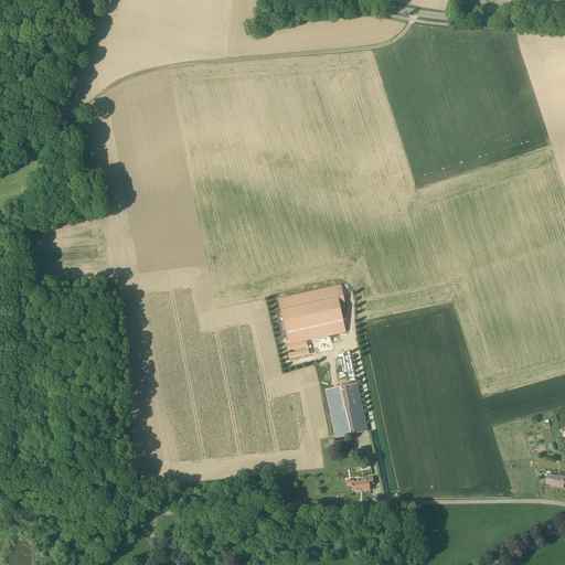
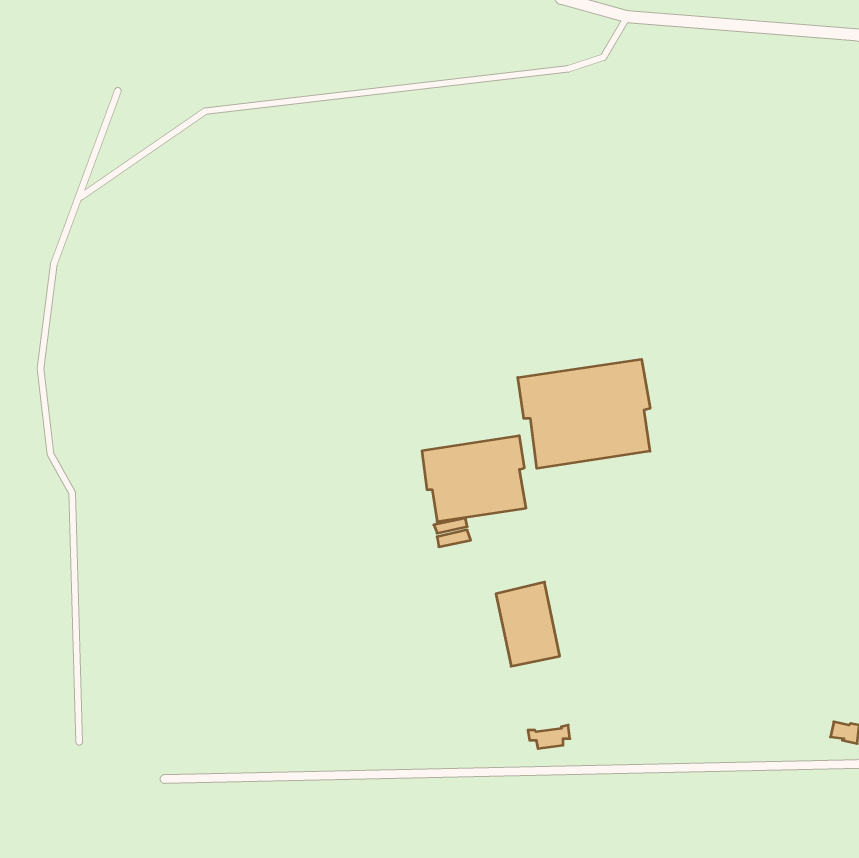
building: none -> [518,359,650,468]

